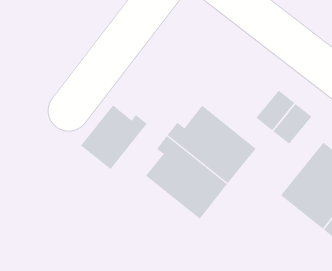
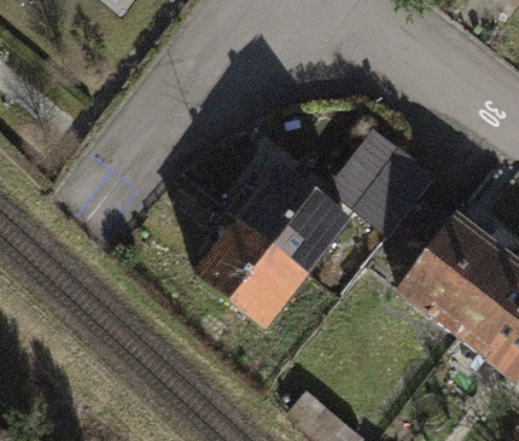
building: [80,104,147,170] -> none

